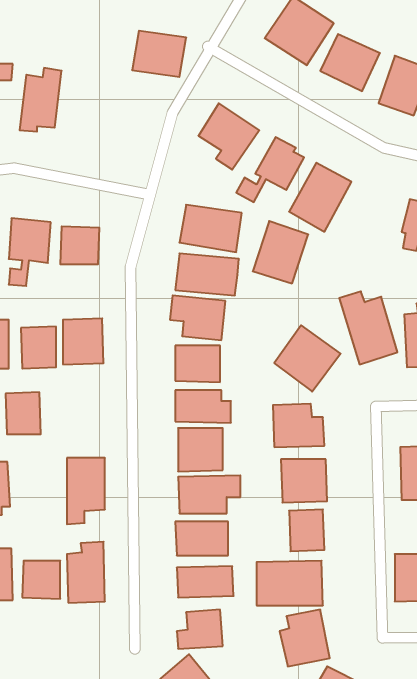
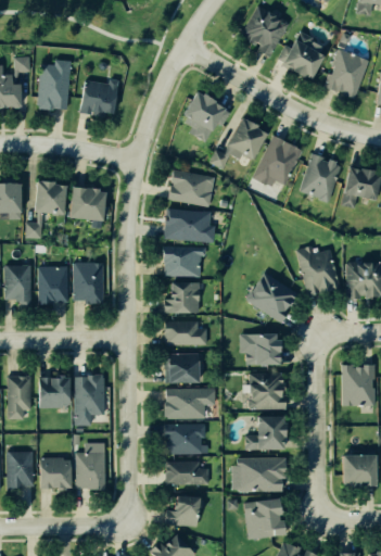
building: [132,31,186,77] -> [77,76,120,113]
building: [253,221,308,283] -> [299,155,343,205]
building: [6,392,41,434] -> [40,375,68,408]

